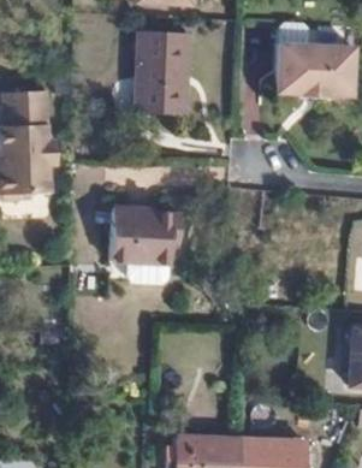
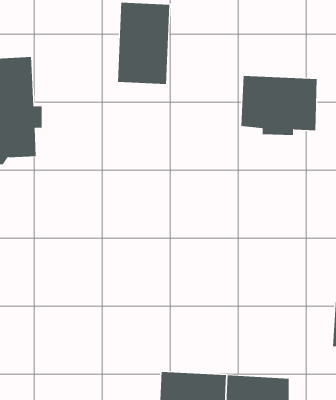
building: [272,37,350,99] -> [240,75,317,136]
building: [113,206,183,262] -> none

